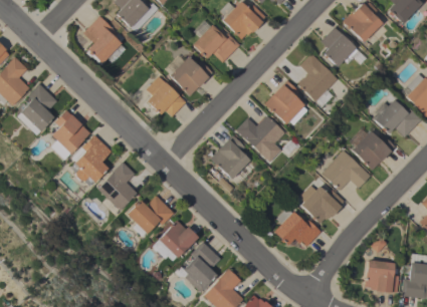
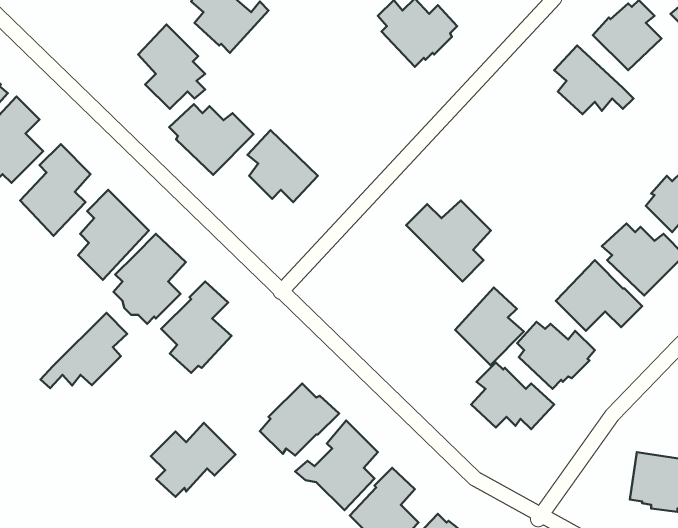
building: [193,19,241,62] -> none
building: [298,53,339,106] -> none
building: [166,55,214,95] -> [169,104,254,175]
building: [265,80,307,124] -> none
building: [211,134,250,179] -> [455,288,524,365]
building: none -> [40,313,127,388]
building: [127,195,175,237] -> [151,423,236,497]

